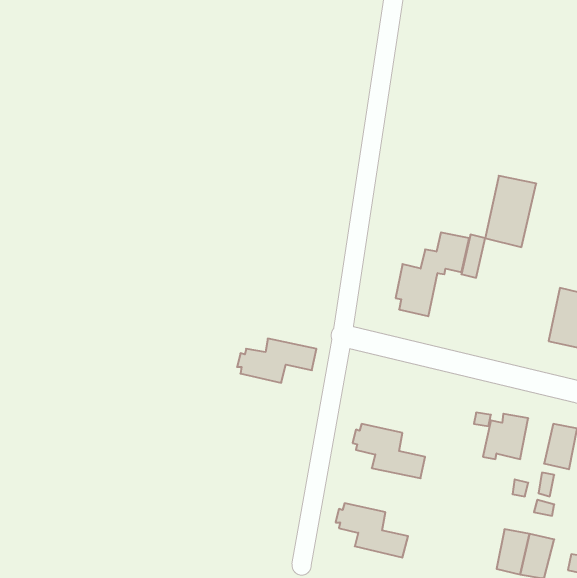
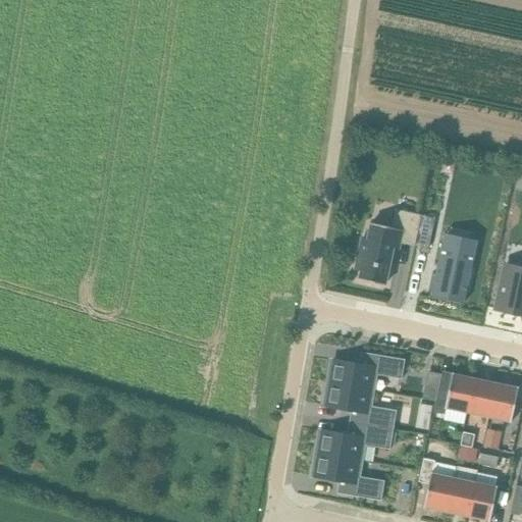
building: [485,176,536,247] -> [433,238,479,302]
building: [237,339,316,383] -> [324,350,396,389]
building: none -> [470,376,500,417]
building: none -> [309,421,380,461]
building: none -> [421,461,456,512]

